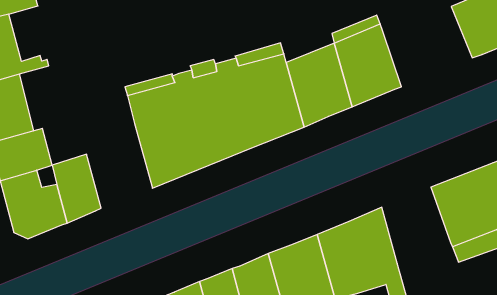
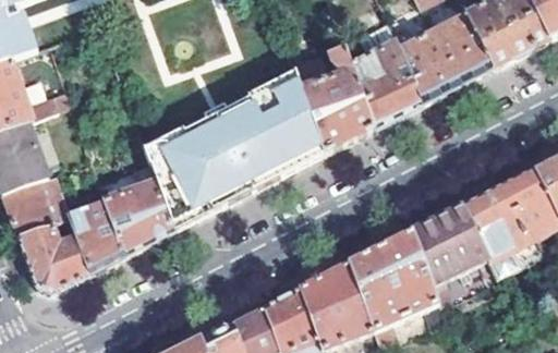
building: none -> [400,12,495,101]
building: none -> [105,162,175,253]
building: none -> [414,203,488,284]

